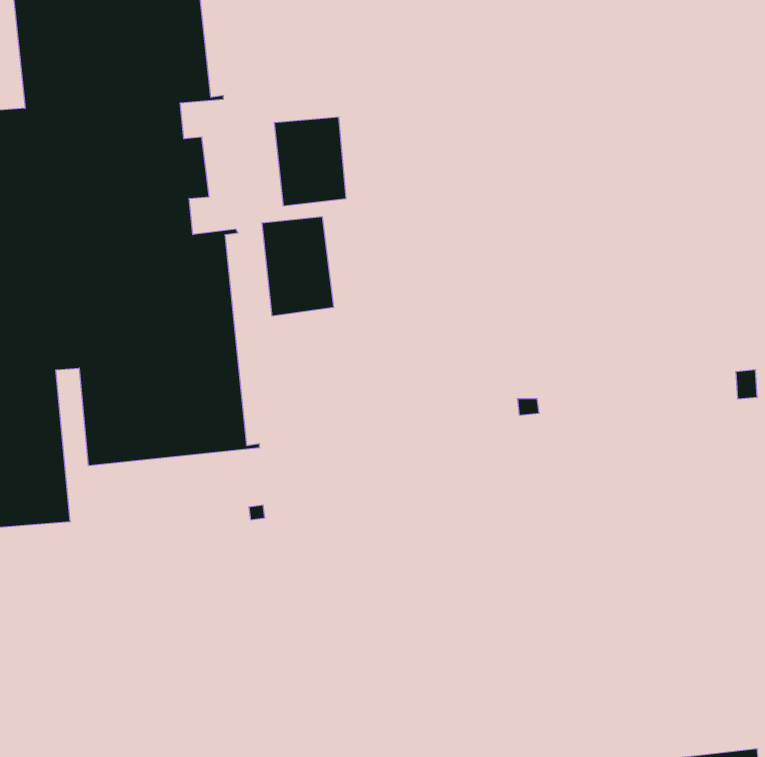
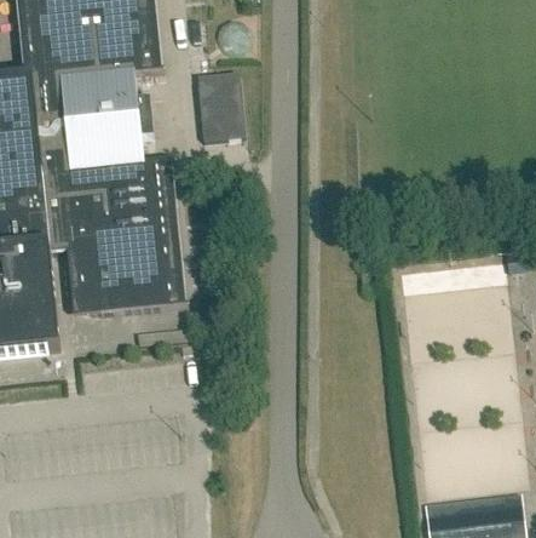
building: [262,217,334,316] -> none

